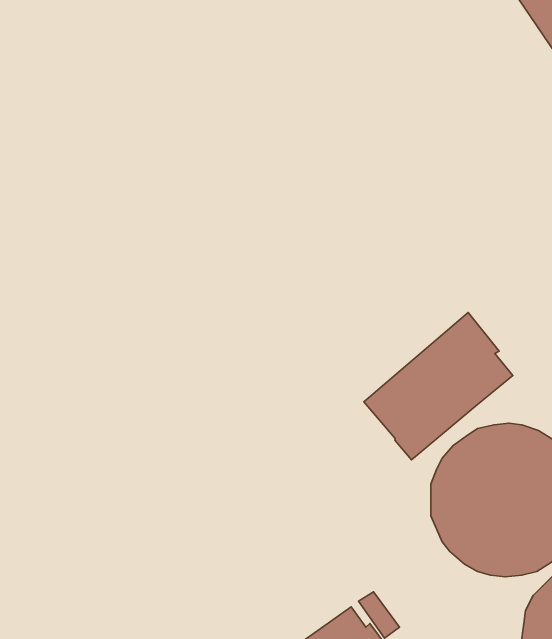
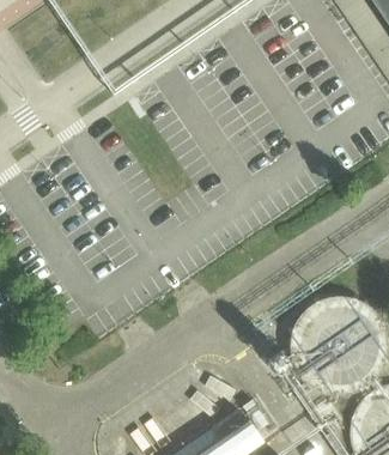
building: [364,312,513,460] -> none

